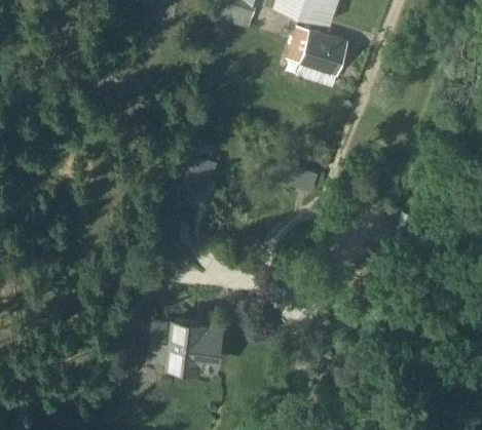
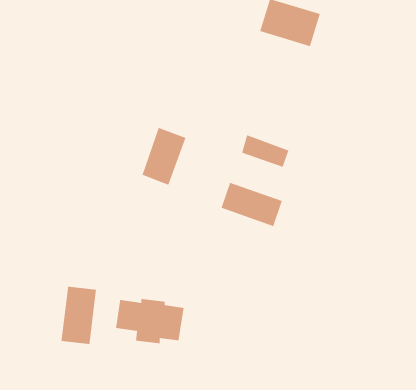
building: none -> [220,182,283,227]
building: none -> [60,286,97,345]

